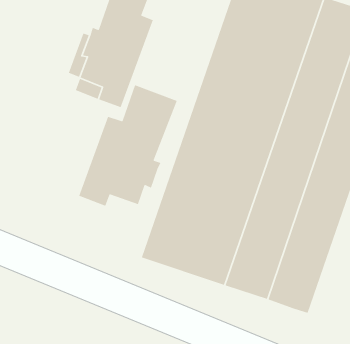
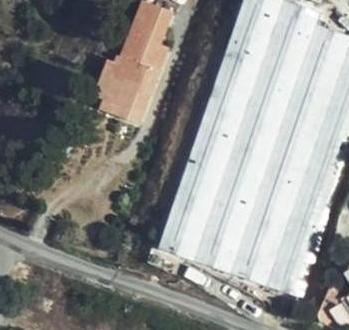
building: [78,84,178,207] -> none

